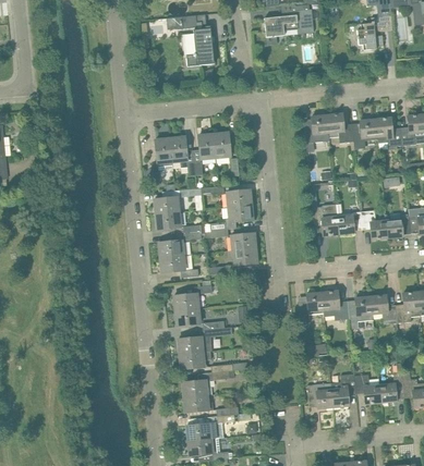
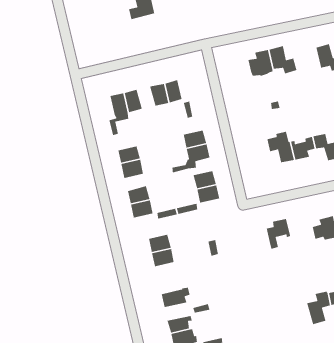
building: [351,119,377,140] -> none
building: [322,290,348,319] -> none
building: [178,327,221,353] -> none
building: [306,382,334,407] -> none

